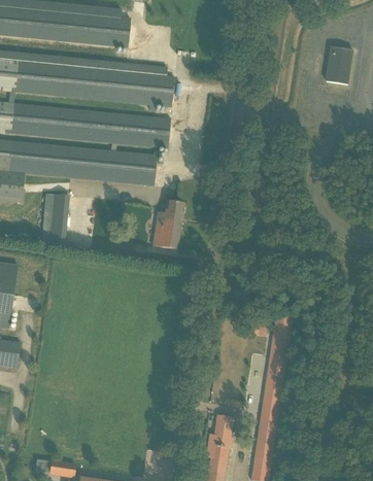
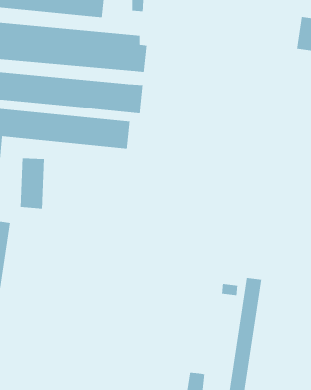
building: [151,200,183,248] -> none

